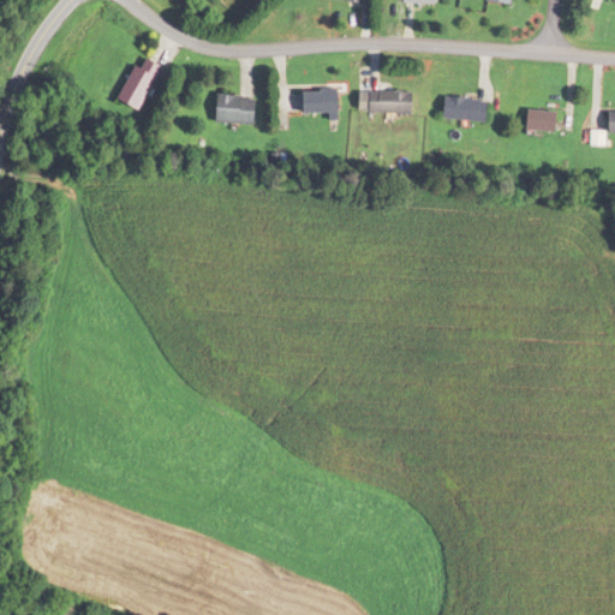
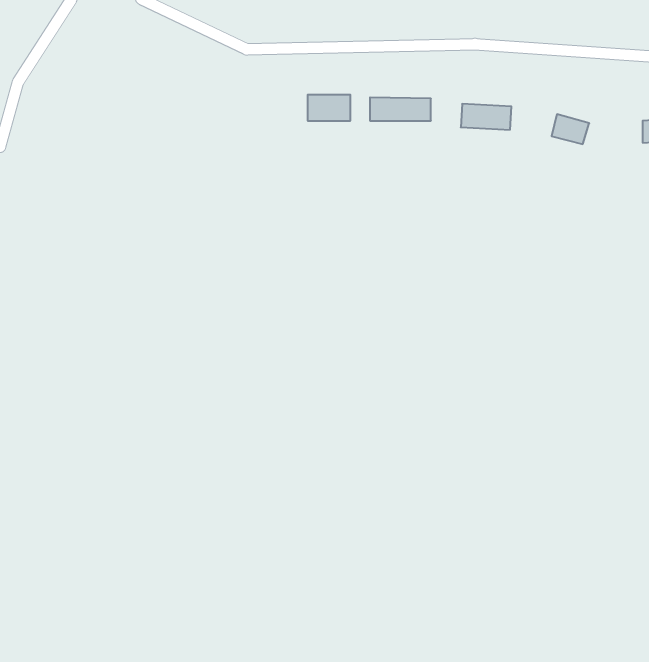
building: [118,54,163,111] -> none
building: [213,94,253,123] -> none

